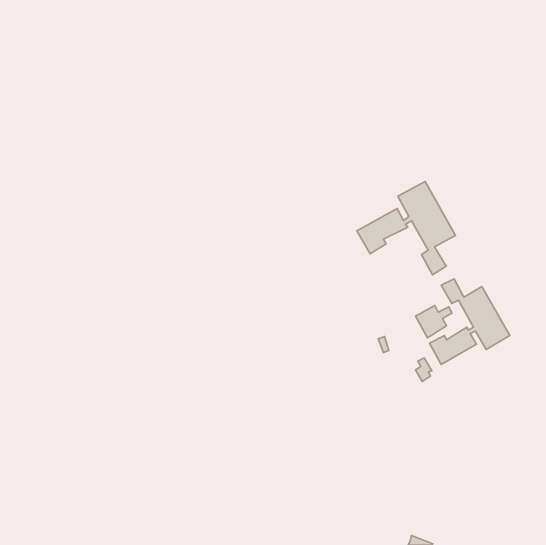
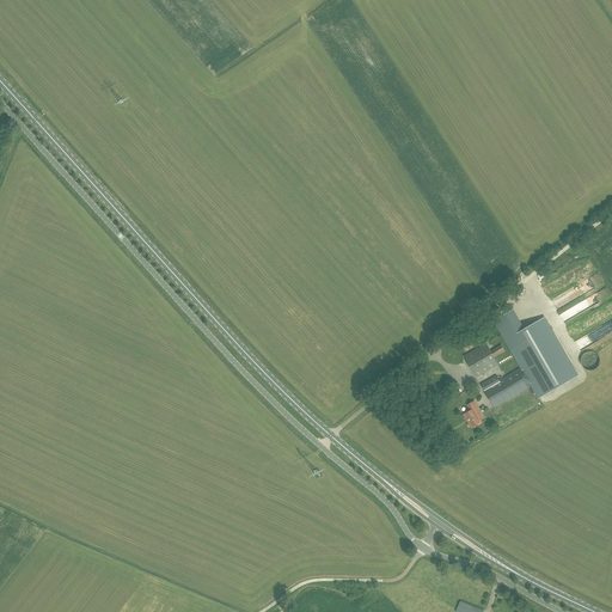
building: [357,181,456,275] -> none

